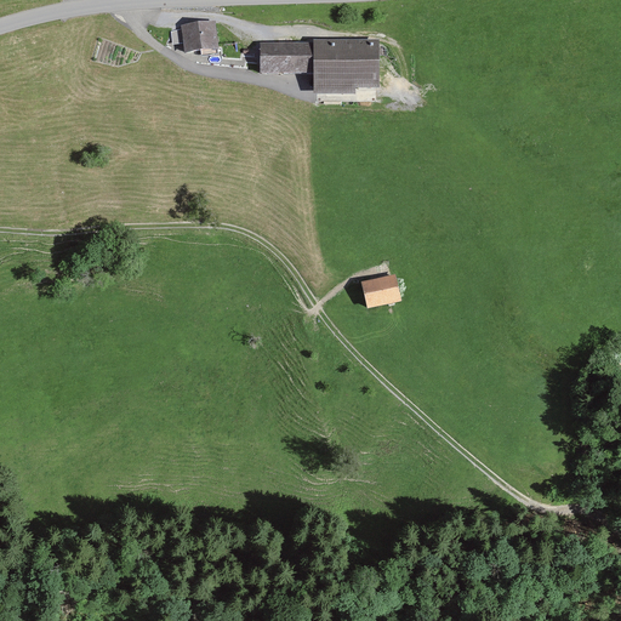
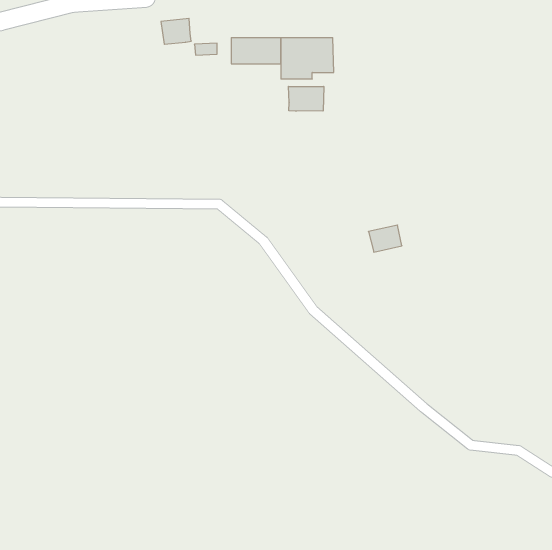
building: none -> [288,86,324,111]
building: [360,275,398,306] -> [368,225,402,252]

